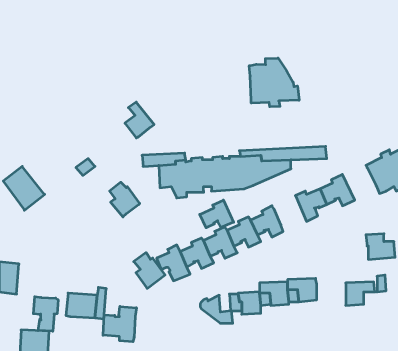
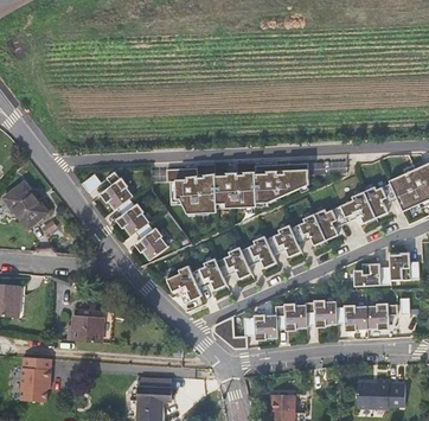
building: [249,58,299,107] -> none
building: [125,102,154,138] -> [103,172,134,210]
building: none -> [364,184,399,218]
building: none -> [292,213,326,247]
building: [200,200,234,228] -> none
building: none -> [354,263,391,287]
building: [134,253,165,288] -> [135,223,168,261]
building: none -> [337,306,367,331]
building: [33,297,58,331] -> none
building: [103,306,136,342] -> none

